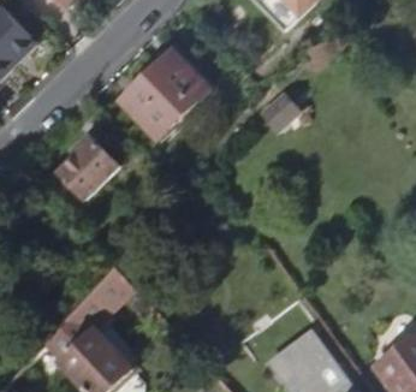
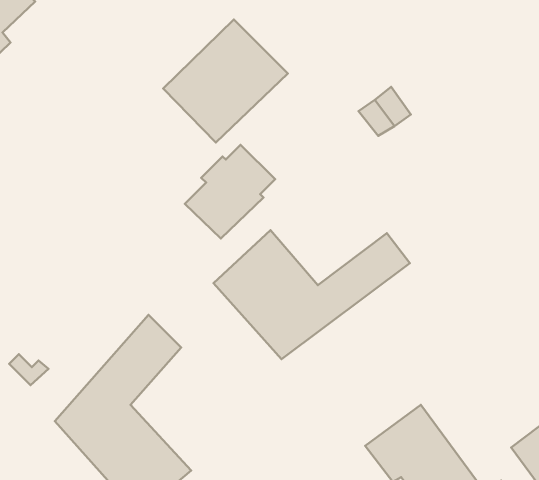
building: [63,127,129,196] -> [185,145,275,238]
building: none -> [214,230,410,359]

